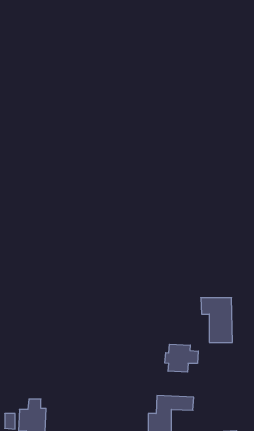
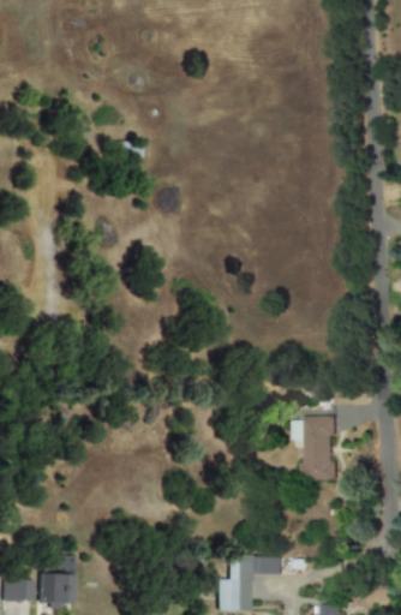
building: [165,344,198,372] -> none

